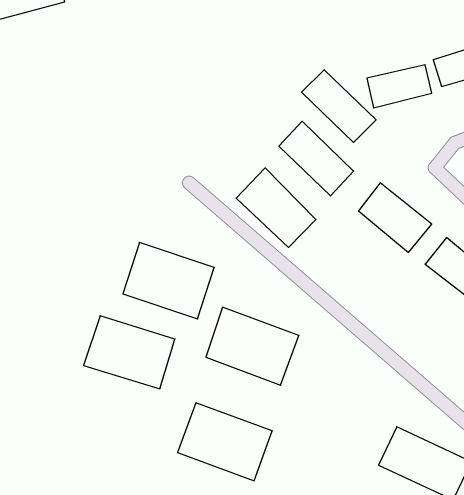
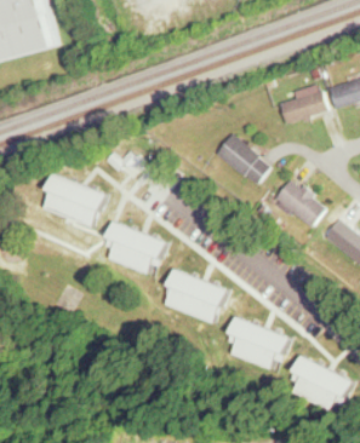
building: [302,70,376,142] -> none
building: [236,168,316,247] -> none
building: [84,316,175,389] -> [40,173,107,226]
building: [178,403,272,481] -> [222,316,291,373]

